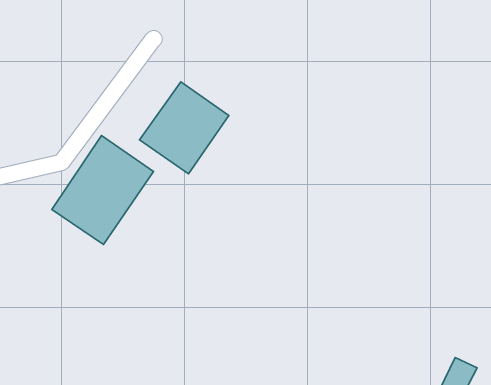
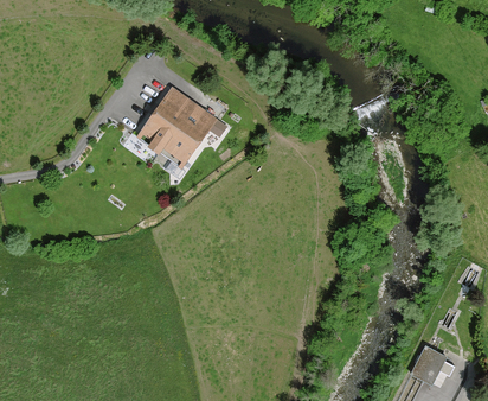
building: [52,135,154,244] -> none

